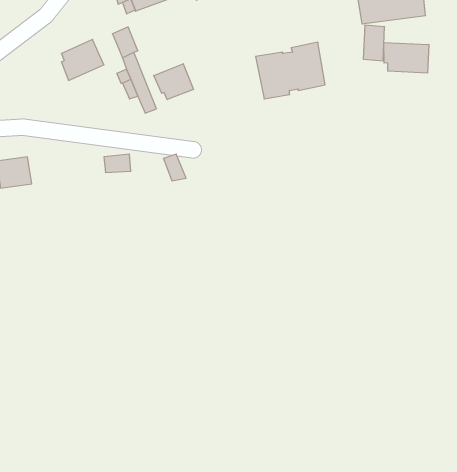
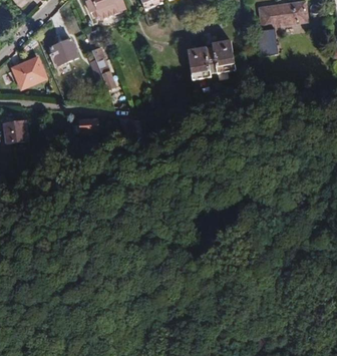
building: [384,42,429,73] -> none
building: [154,64,194,100] -> none
building: none -> [11,56,46,88]

